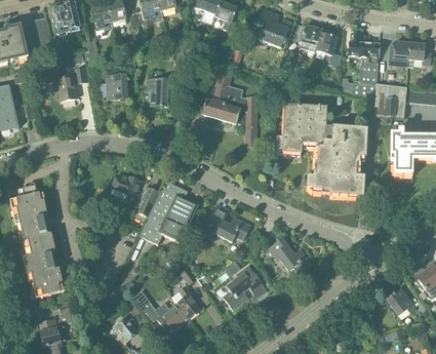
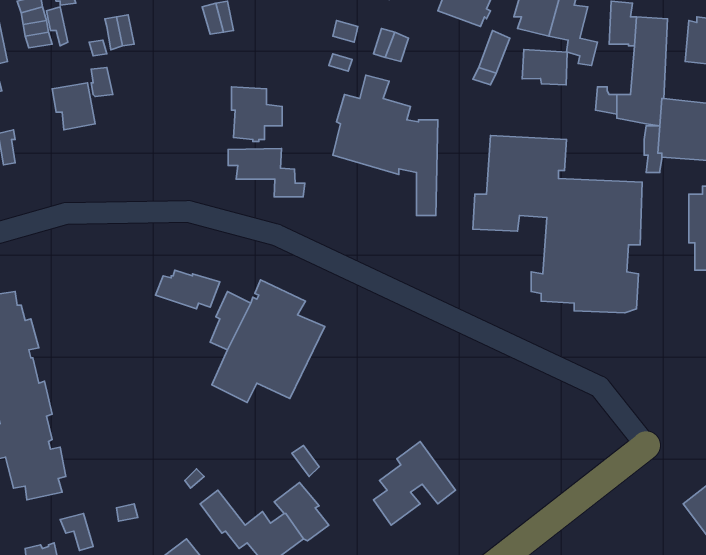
building: none -> [522,49,567,85]
building: [106,73,127,97] -> none
building: none -> [228,148,305,197]
building: [204,202,250,240] -> none
building: [269,236,312,272] -> none

